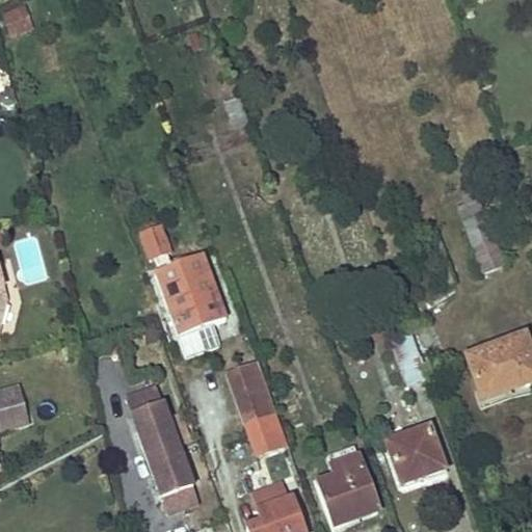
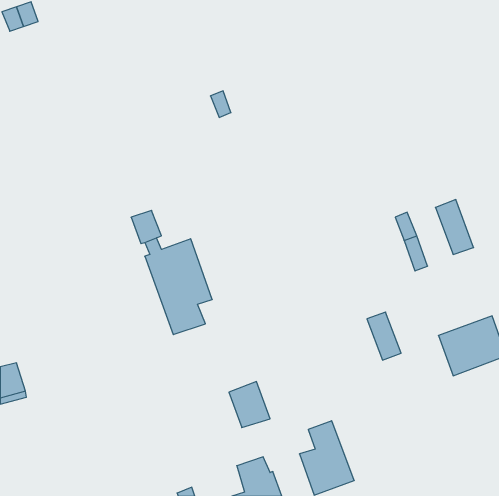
building: [230,364,273,417] -> none
building: [127,387,201,513] -> none
building: [387,427,444,483] -> none

